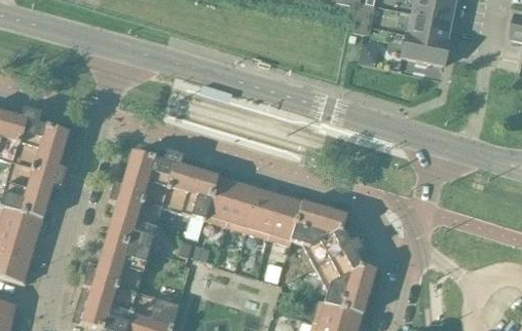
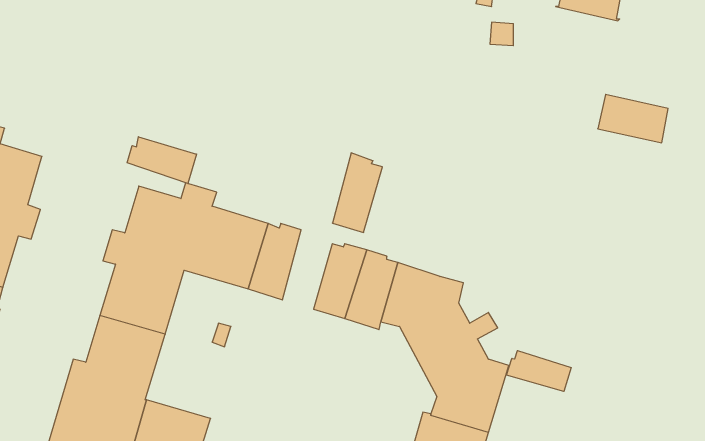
building: [401,32,447,64] -> [598,94,668,143]
building: none -> [127,137,197,184]
building: [226,179,259,231] -> [332,153,382,232]
building: none -> [507,351,571,391]

